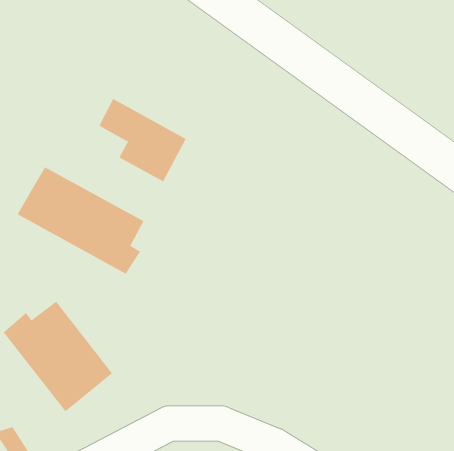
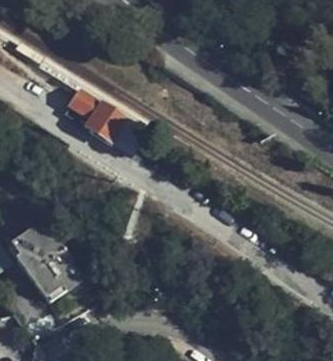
building: [17,167,144,274] -> none

